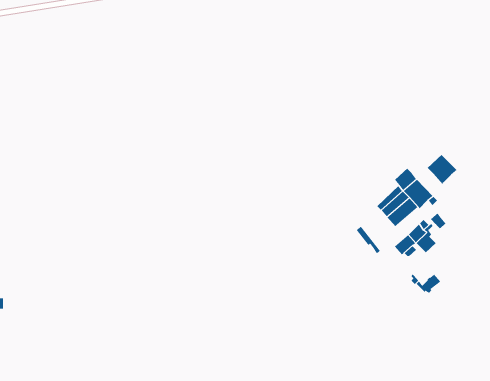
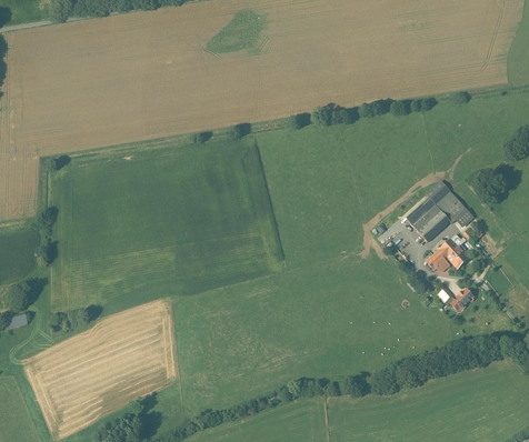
building: [427,154,457,185] -> none

